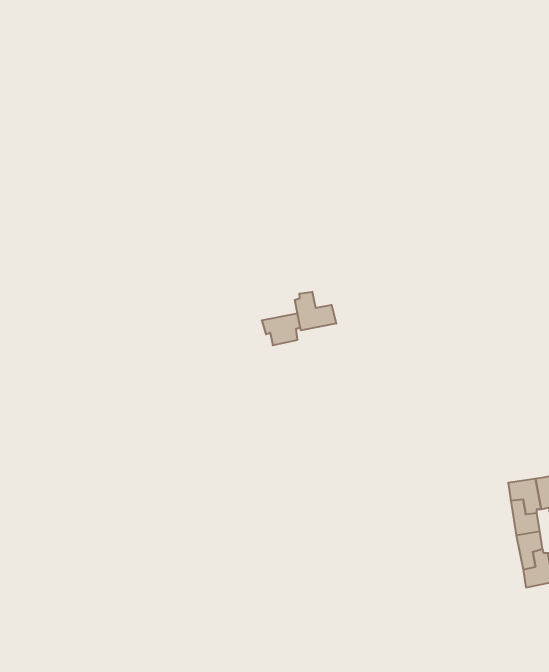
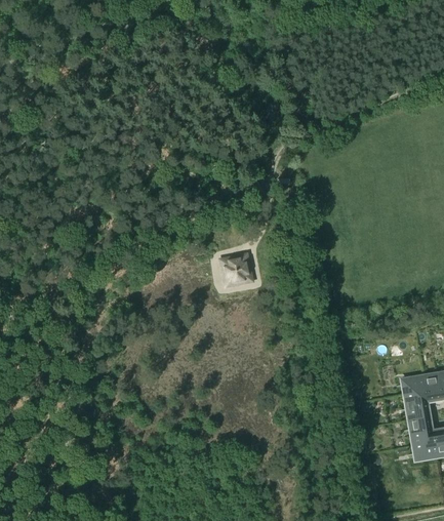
building: [295,292,336,330] -> none

